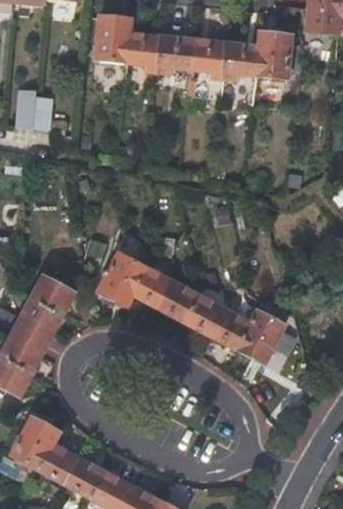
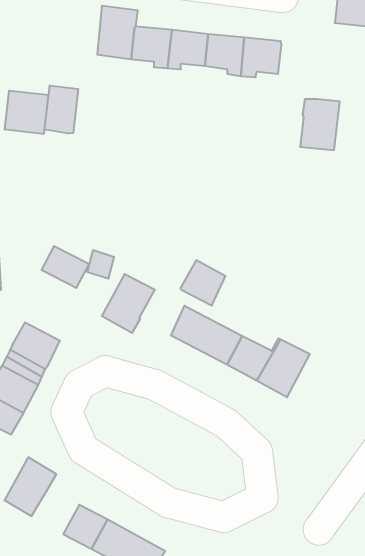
building: [256,34,291,79] -> [300,99,340,150]
building: none -> [45,85,78,134]
building: [132,268,173,308] -> [180,260,225,306]
building: [31,276,73,313] -> [41,246,89,288]
building: [37,444,79,485] -> none

